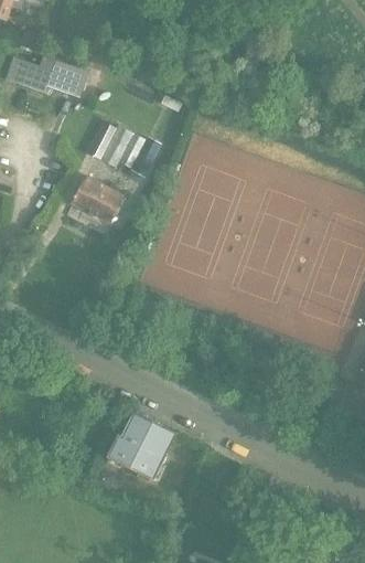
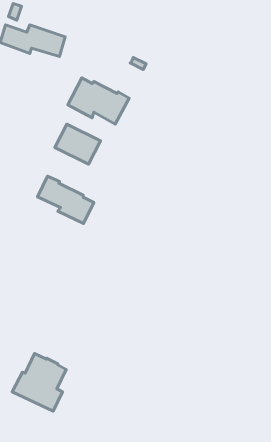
building: none -> [38,176,94,224]
building: [105,412,169,480] -> [12,354,66,411]

